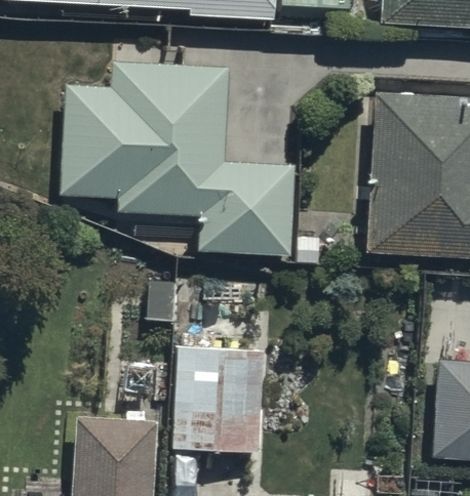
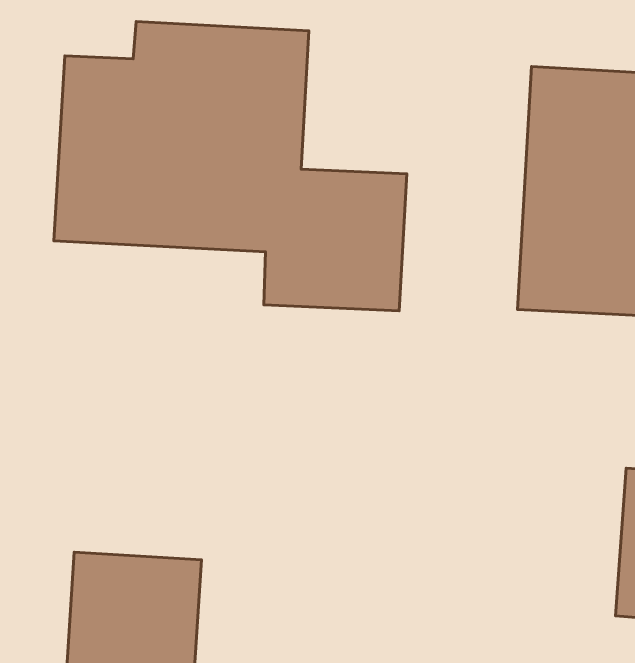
building: [168,319,259,450] -> none

